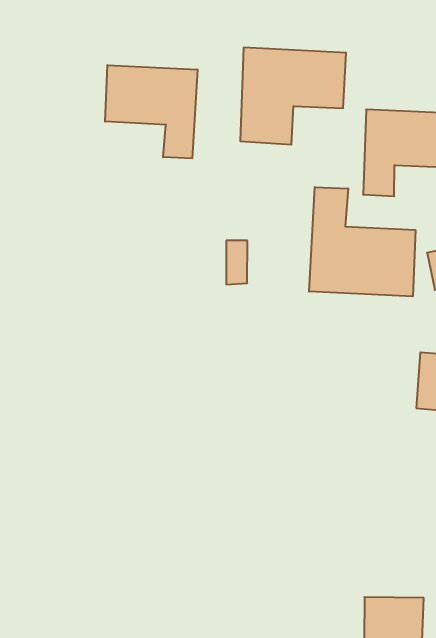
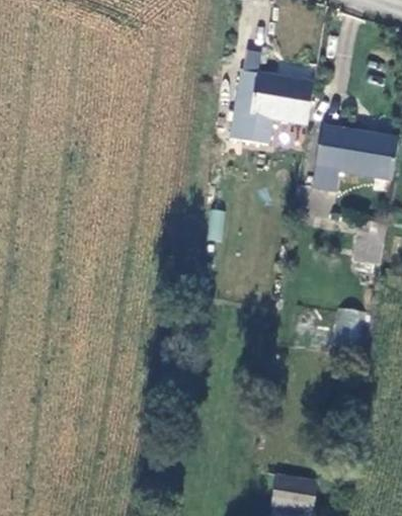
building: [105,65,197,158] -> none
building: [309,187,415,296] -> none

